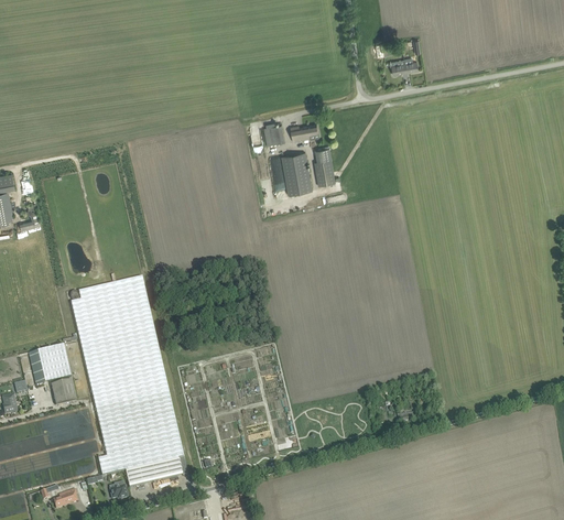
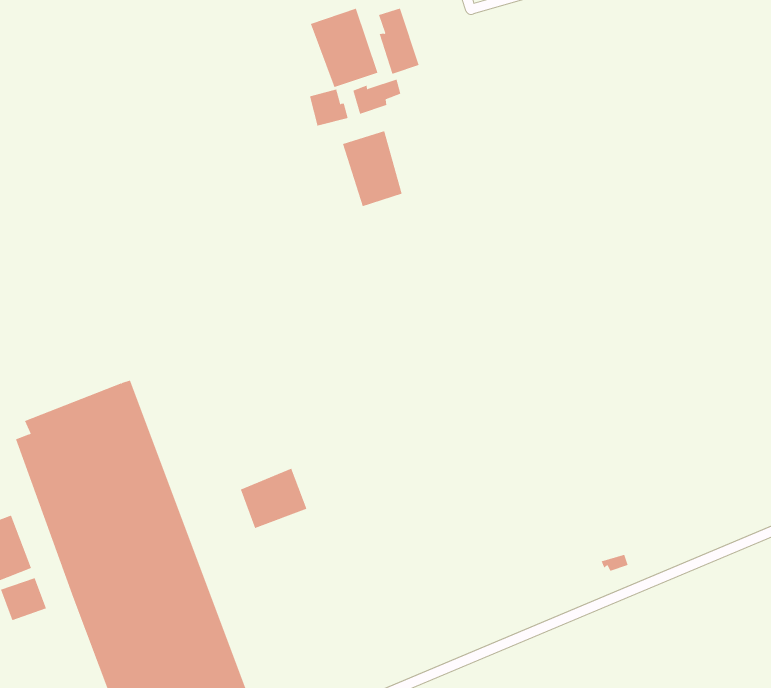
building: none -> [310,8,378,88]
building: [315,148,336,185] -> [378,8,419,75]
building: none -> [240,468,307,529]

